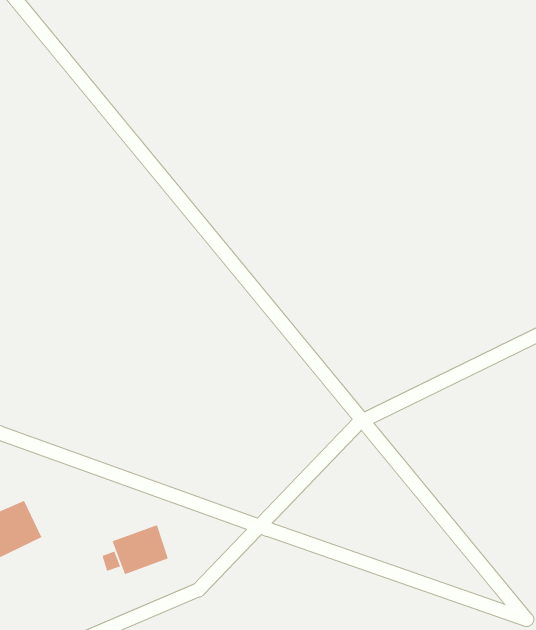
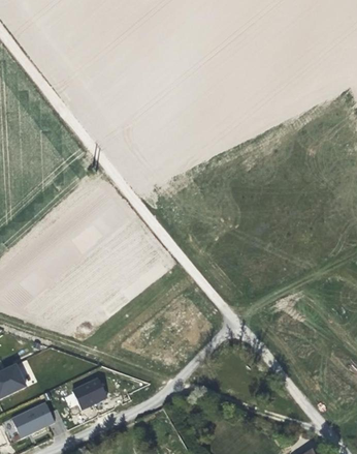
building: none -> [10,401,55,437]

